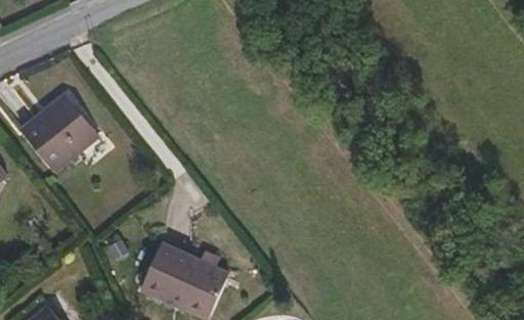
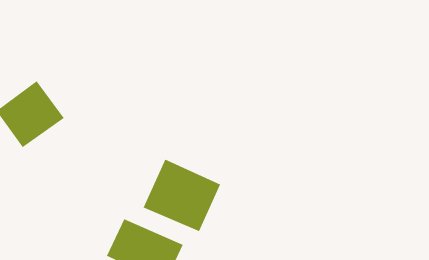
building: none -> [142,158,221,232]

